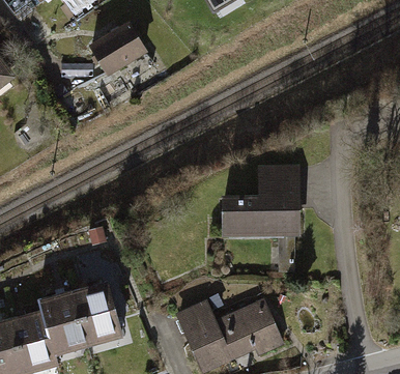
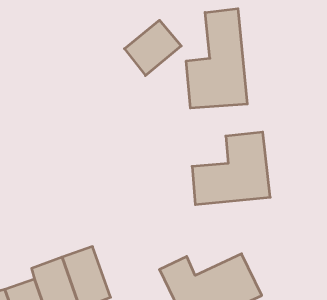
building: [86,23,146,80] -> [124,20,181,76]
building: none -> [186,9,247,108]

